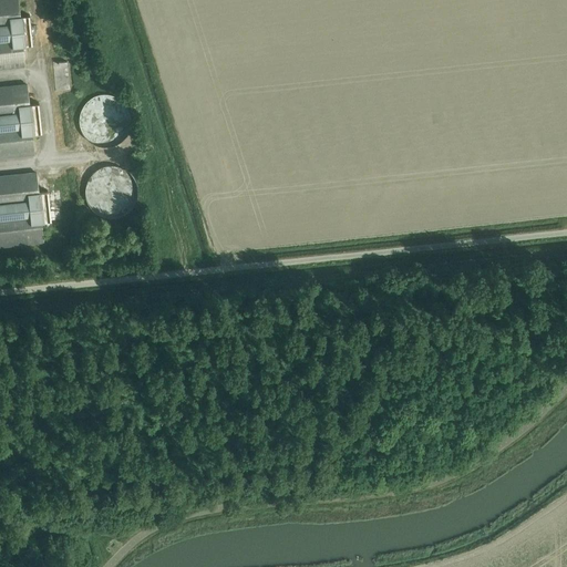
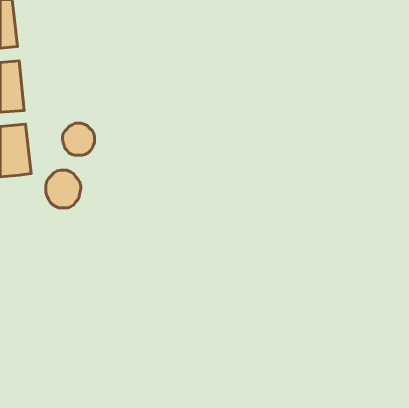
building: [78,91,125,138] -> none
building: none -> [46,170,81,208]

